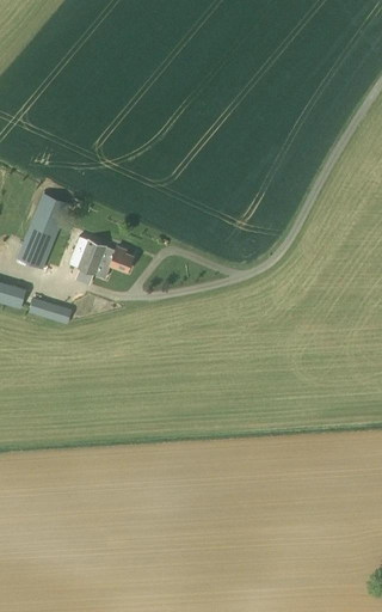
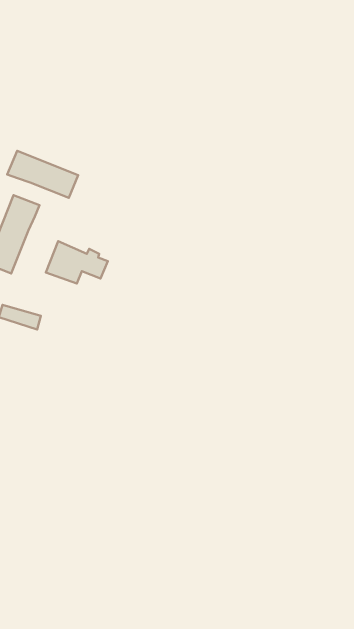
building: none -> [7,151,78,198]

